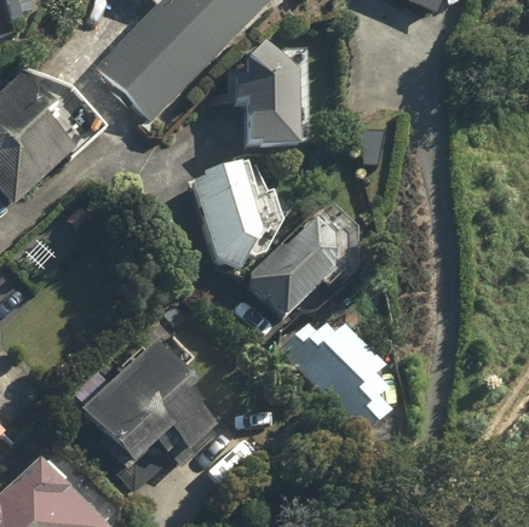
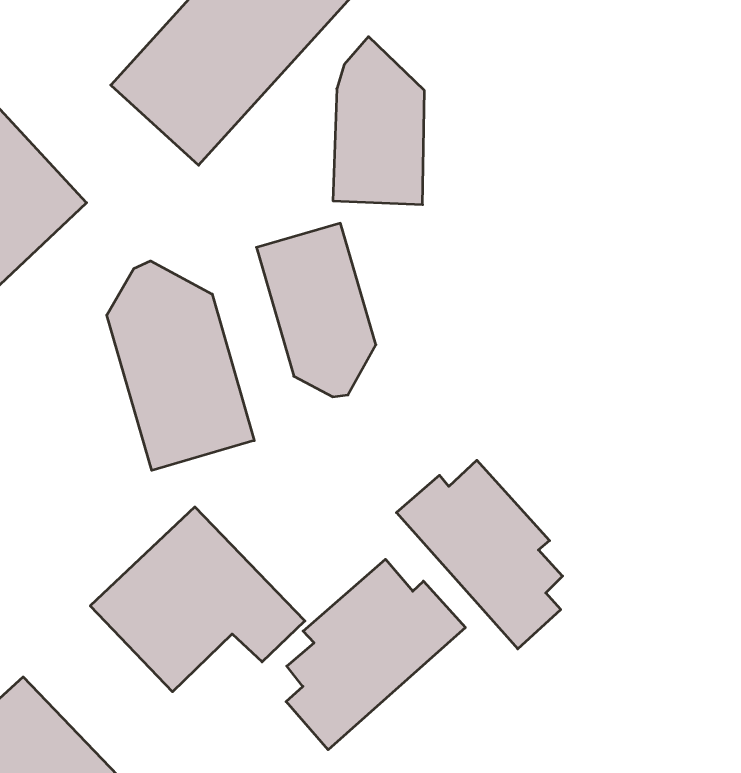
building: none -> [107,261,254,470]
building: [259,214,358,316] -> none
building: none -> [286,559,465,750]

